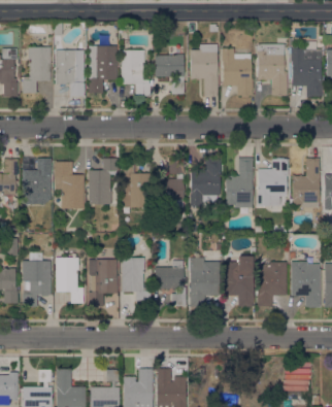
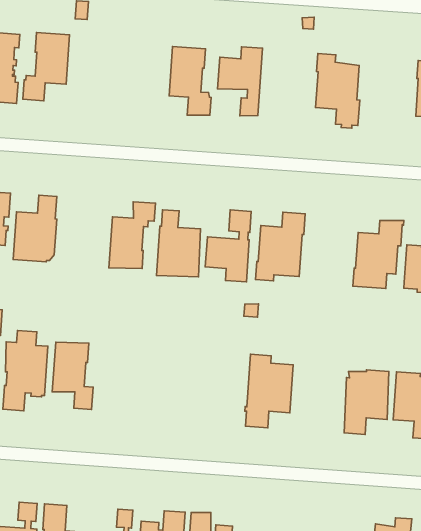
building: [190,44,218,97] -> none
building: [257,44,287,96] -> none
building: [89,46,117,94] -> none
building: [56,50,84,96] -> none
building: [225,158,253,208] -> none
building: [55,162,84,209] -> none
building: [122,258,151,304] -> none
building: [89,260,117,307] -> none
building: [155,261,186,306] -> none
building: [224,262,254,307] -> none

